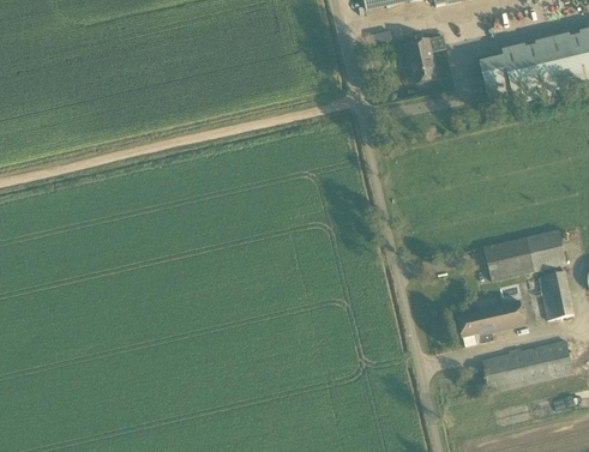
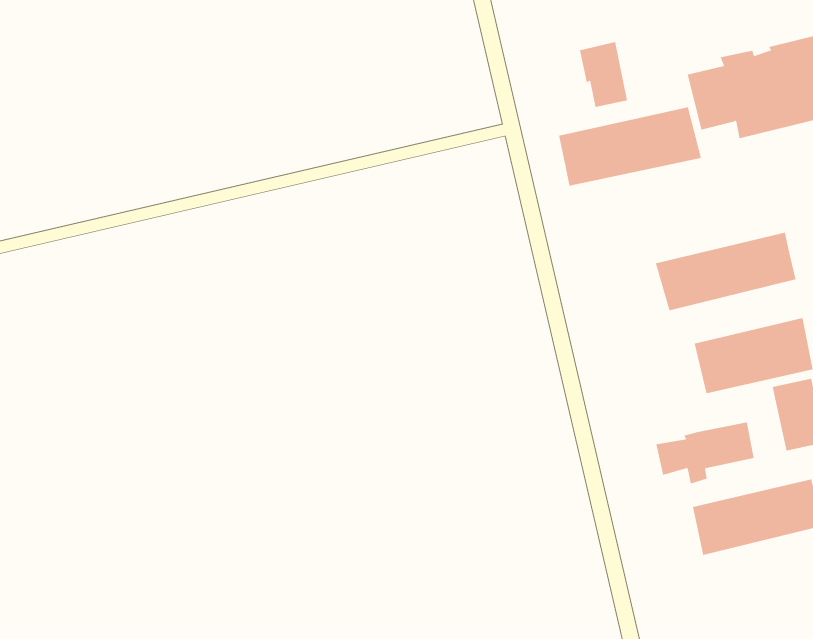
building: none -> [559,107,702,187]
building: none -> [655,232,796,311]

